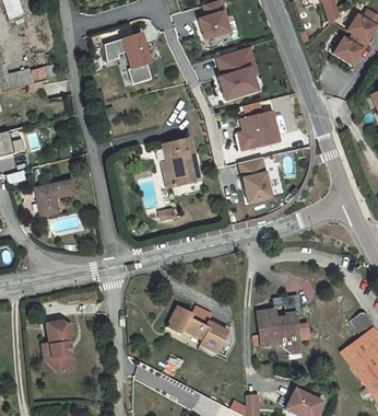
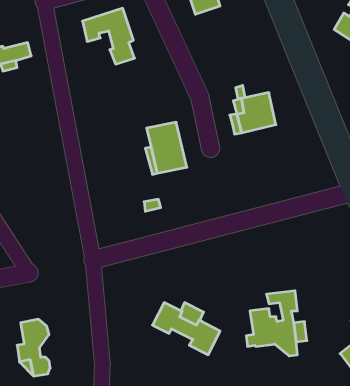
building: [216,46,257,100] -> none
building: [238,158,270,203] -> none
building: [35,180,73,215] -> none

